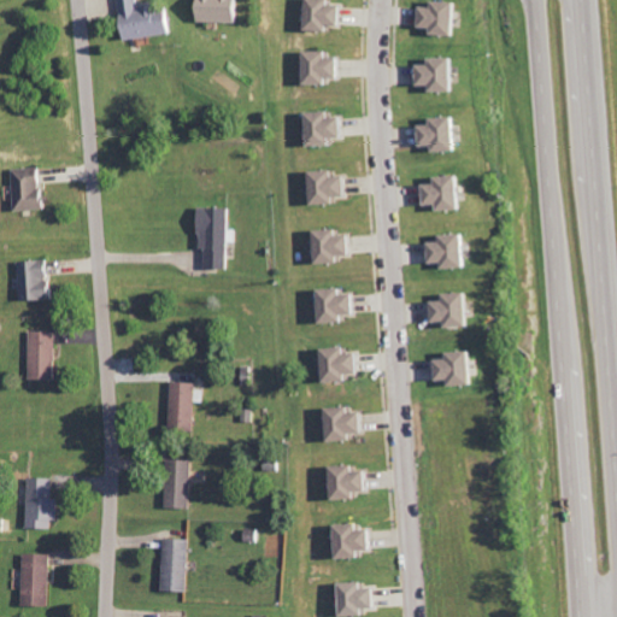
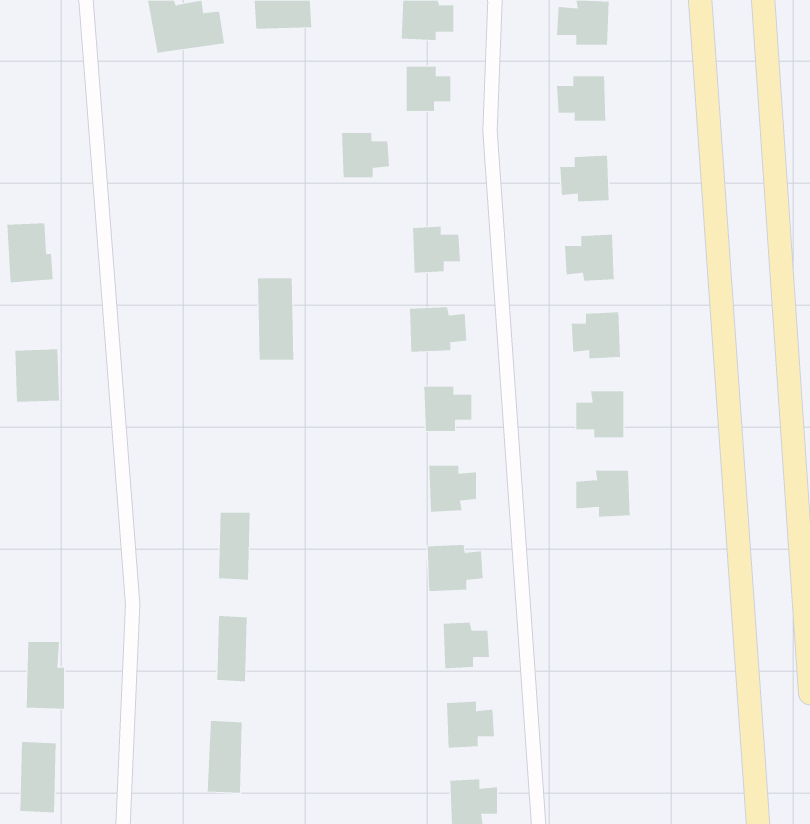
building: [304,112,340,146] -> [341,133,390,178]
building: [20,331,48,381] -> none

